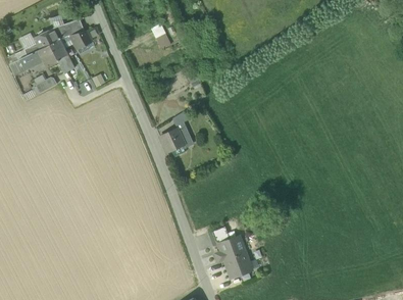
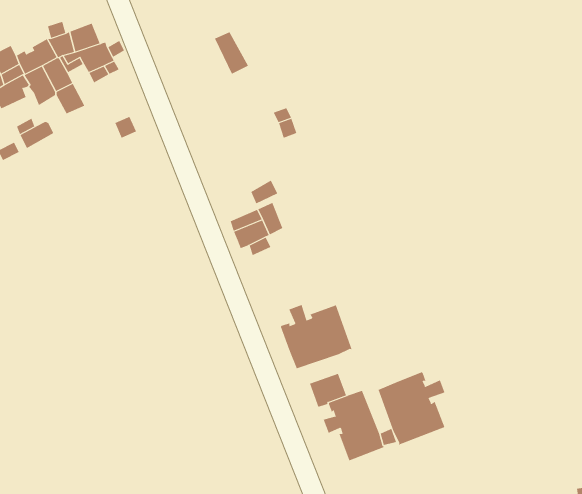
building: none -> [280,304,352,369]
building: none -> [378,372,445,445]

